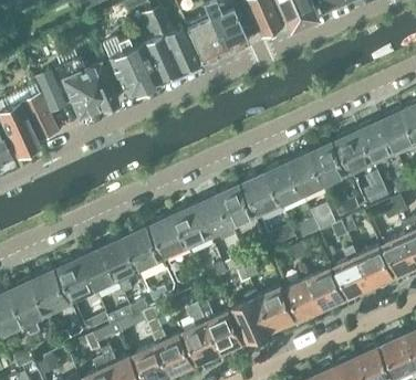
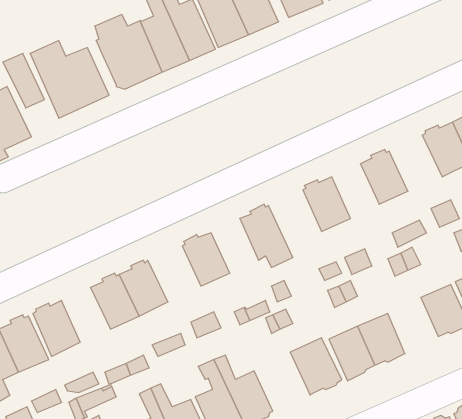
building: [336,131,374,173] -> none
building: [289,152,325,196] -> none
building: [245,173,281,215] -> none
building: [196,194,236,241] -> none
building: [152,217,188,257] -> none
building: [81,247,118,291] -> none
building: [335,256,371,298] -> none
building: [233,298,272,342] -> none

